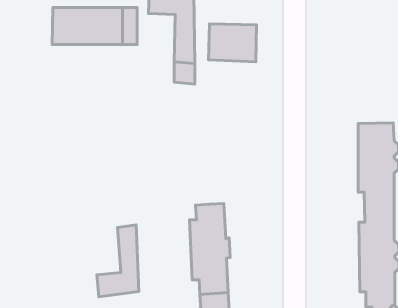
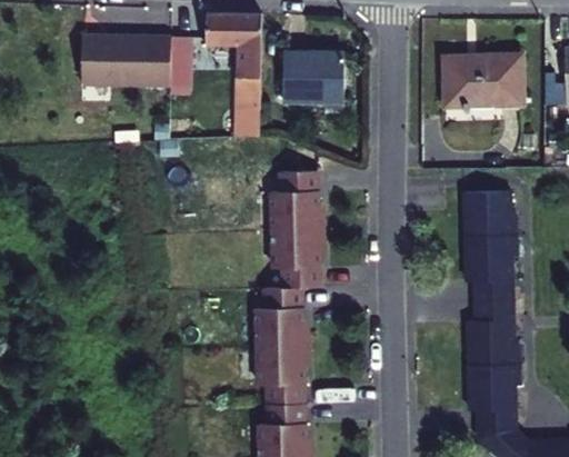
building: none -> [439,57,519,107]
building: none -> [269,172,321,290]
building: [97,225,139,297] -> none

